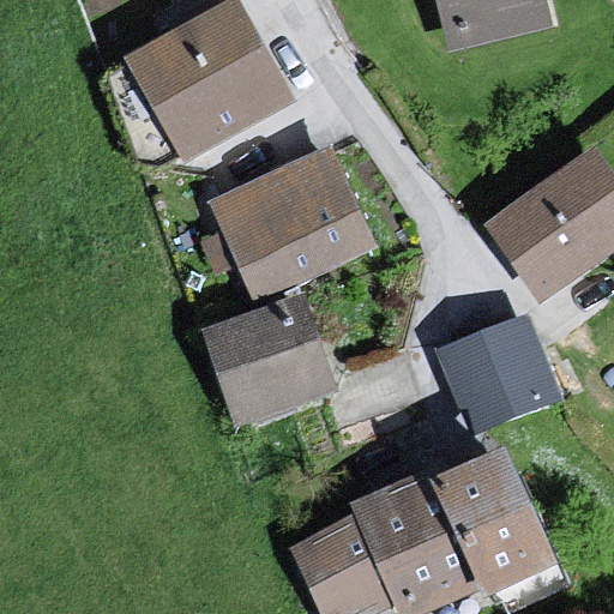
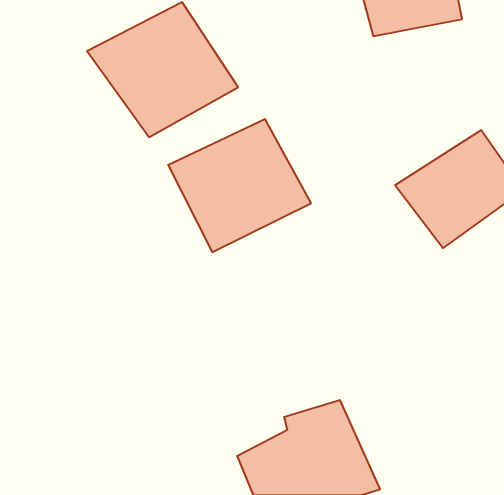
building: [207,296,333,431] -> none
building: [439,318,562,444] -> none
building: [416,453,548,586] -> none

